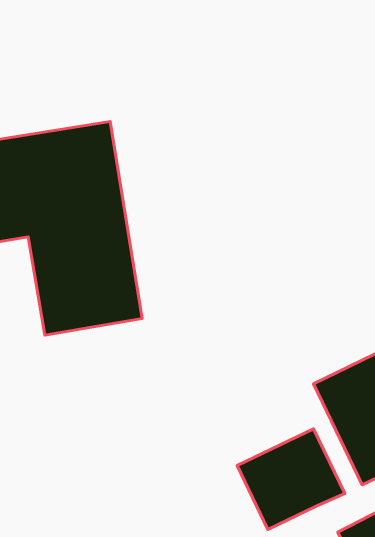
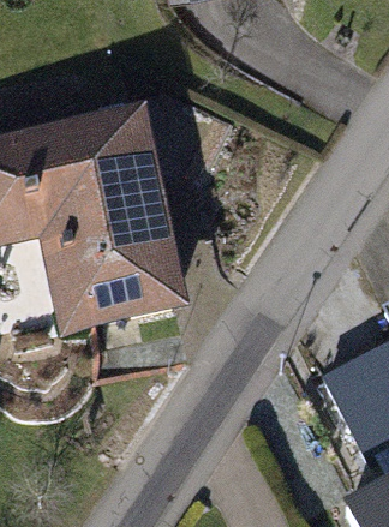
building: [237,429,345,530] -> none

